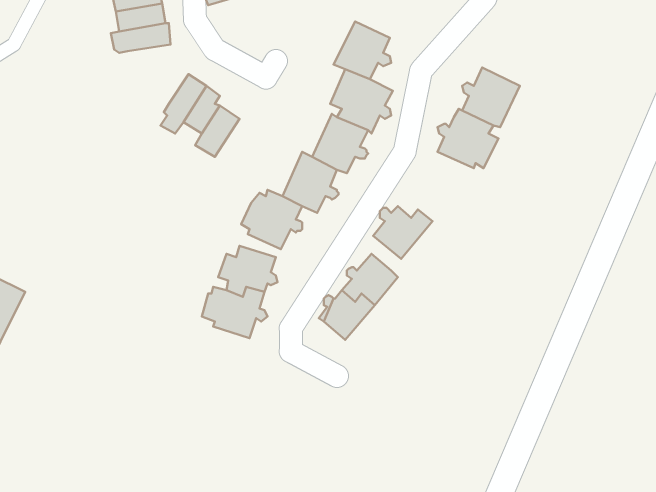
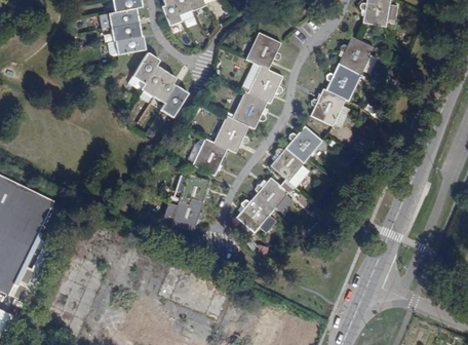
building: none -> [339,36,379,74]
building: none -> [132,53,159,85]
building: none -> [286,126,322,158]

